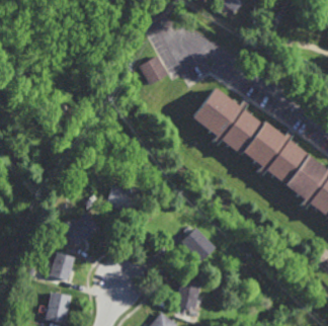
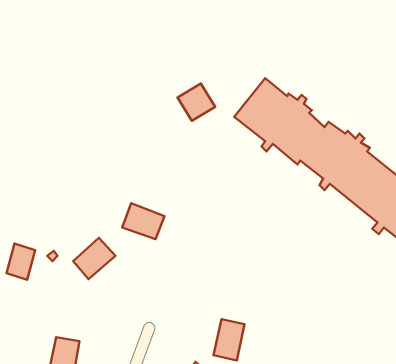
building: [138,55,167,84] -> [178,83,215,121]
building: [179,228,213,262] -> none
building: [50,251,72,279] -> [7,244,35,280]

